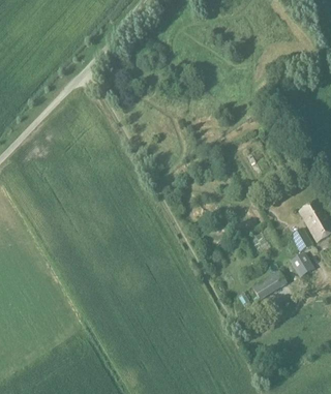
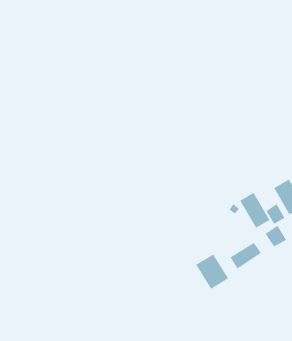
building: none -> [239,192,271,229]
building: none -> [195,253,229,290]

